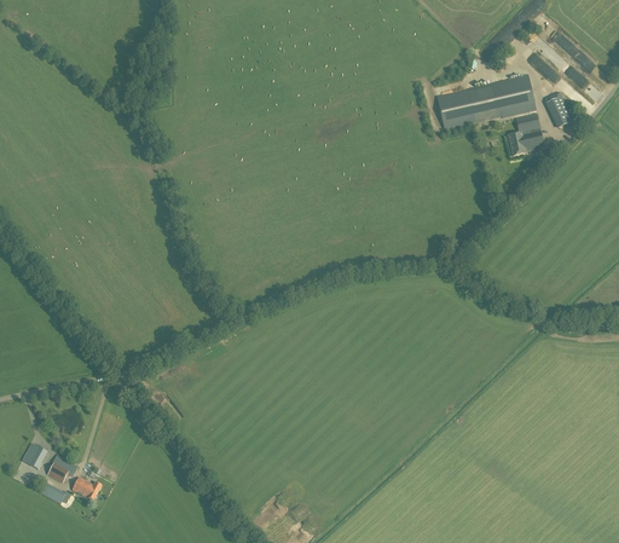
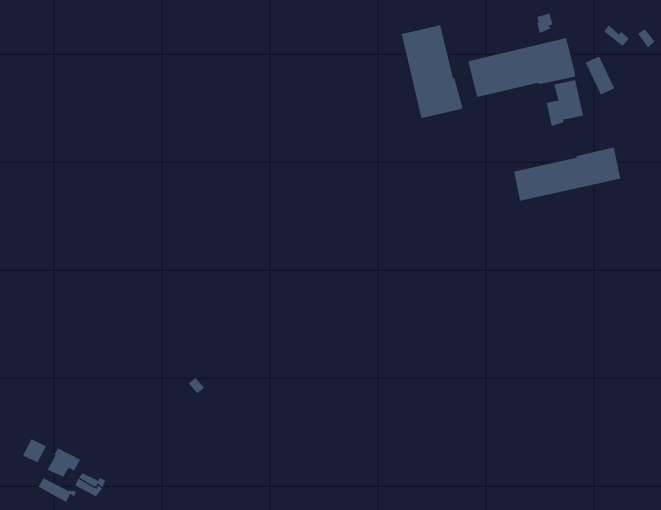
building: none -> [401,25,463,119]
building: none -> [513,147,621,202]

